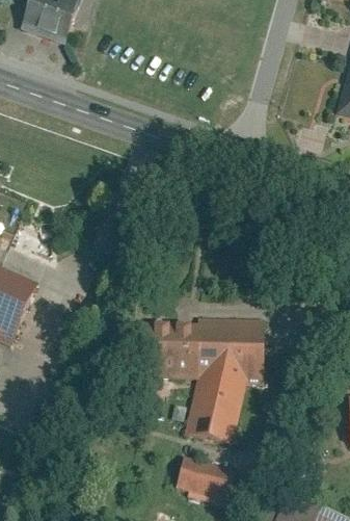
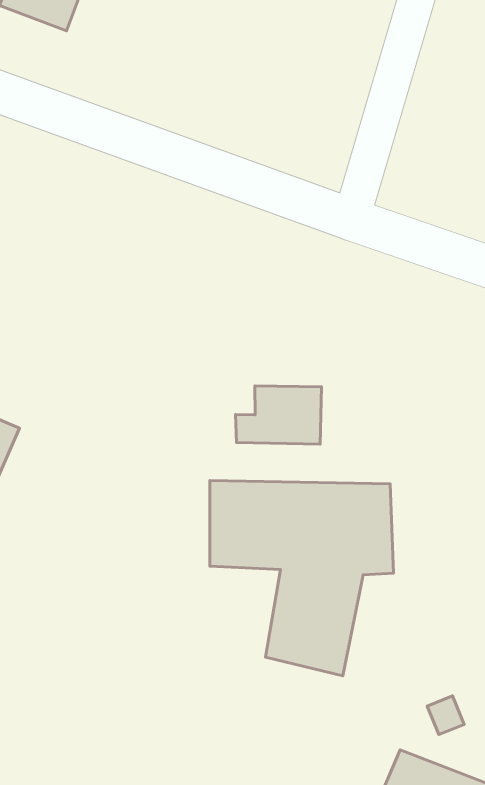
building: none -> [235,386,321,444]
building: [173,454,236,503] -> none

